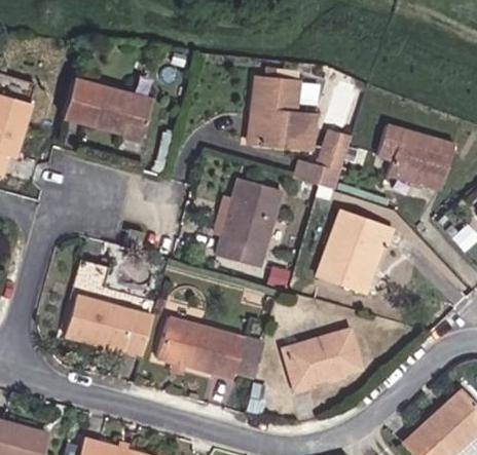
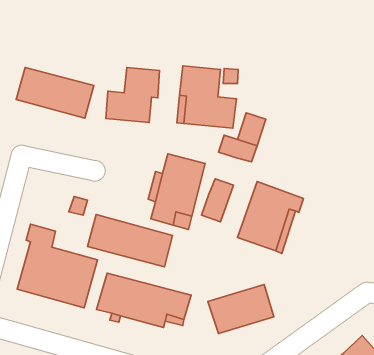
building: none -> [106,67,160,123]
building: [377,125,454,190] -> none
building: none -> [202,179,233,222]
building: none -> [88,215,173,267]

